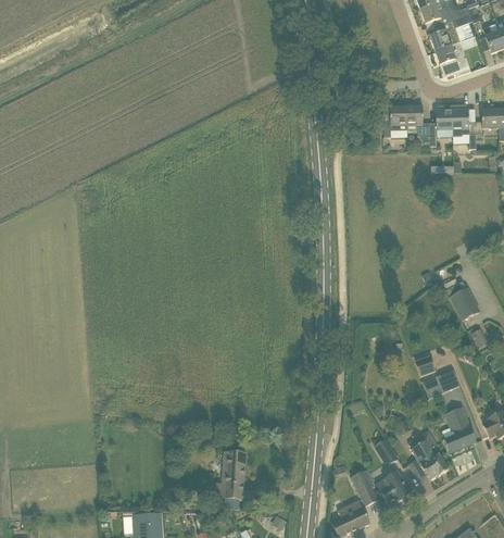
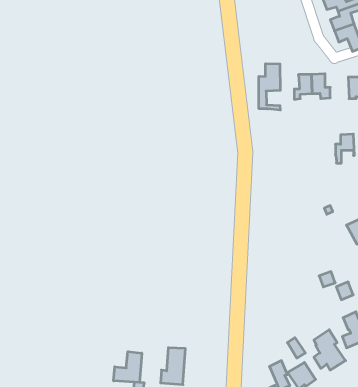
building: none -> [259,64,280,110]
building: [429,109,453,146] -> [335,134,354,163]
building: none -> [114,352,142,382]

